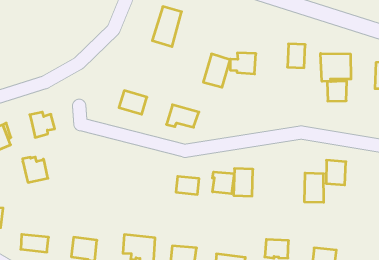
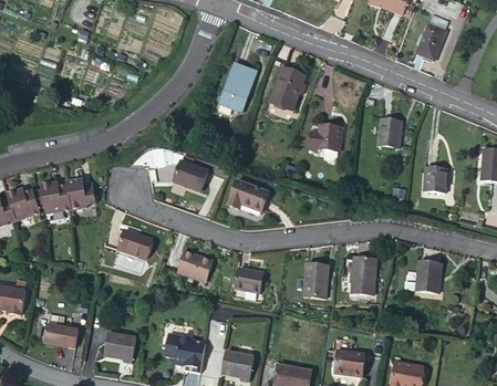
building: [321,53,351,82] -> none
building: [203,54,230,87] -> [270,67,304,108]
building: none -> [117,230,151,258]
building: [23,157,48,182] -> [41,182,70,212]
building: none -> [177,251,211,281]
building: [212,172,234,194] -> none
building: [304,173,324,202] -> [350,257,375,293]

